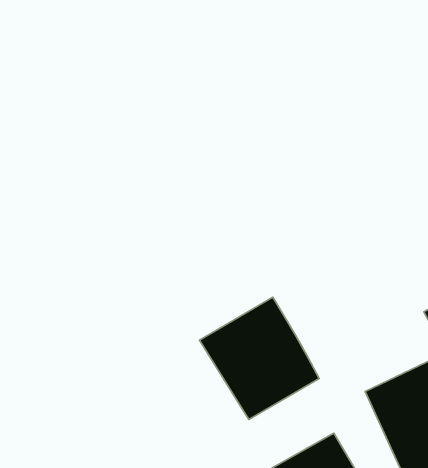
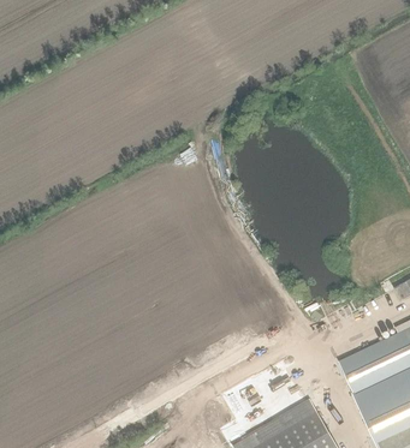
building: [199,297,319,420] -> none

